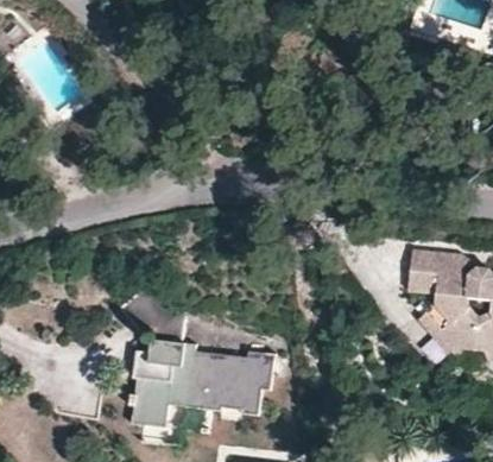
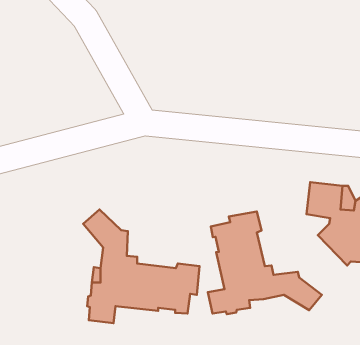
building: none -> [208,212,322,314]

